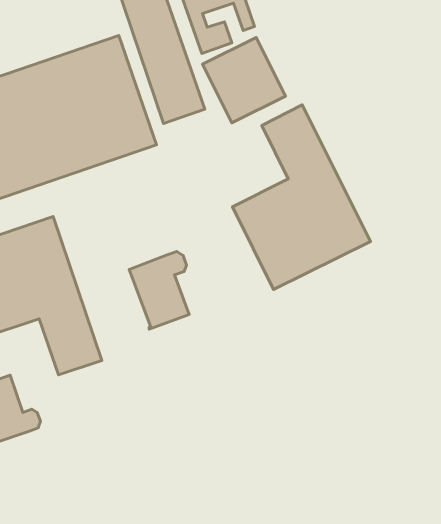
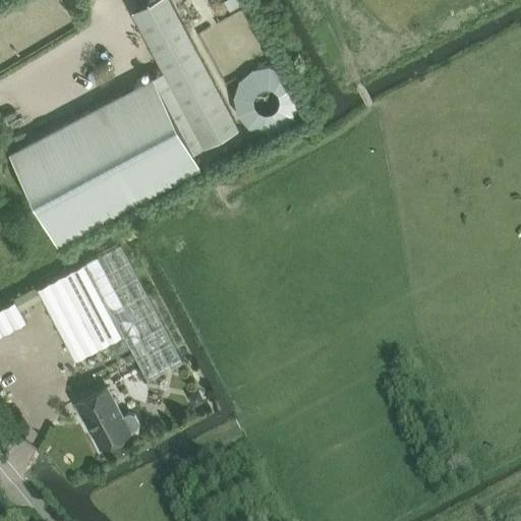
building: [232,105,371,290] -> none
building: [129,252,189,329] -> none

